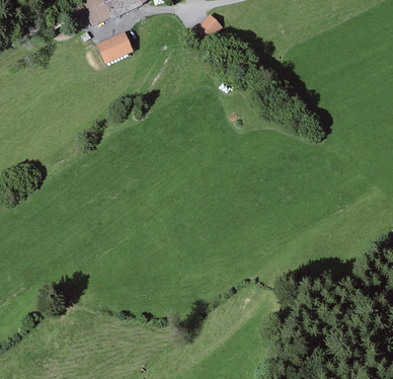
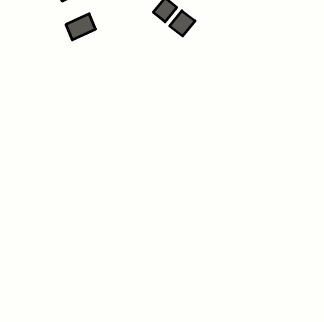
building: none -> [170,11,195,36]

